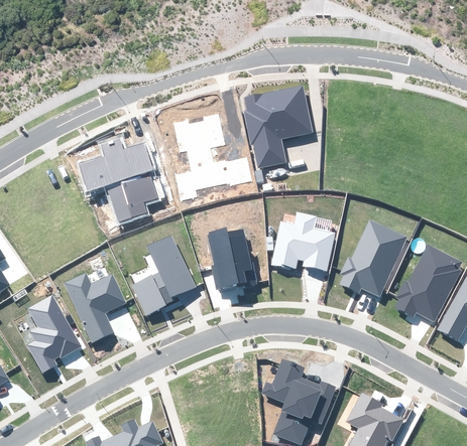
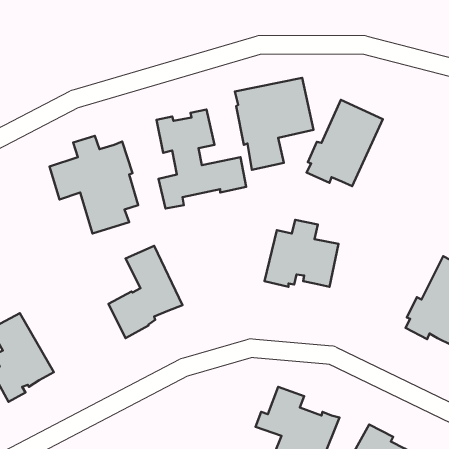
building: [339,219,406,296] -> [307,100,383,186]
building: [208,228,257,291] -> none
building: [64,272,126,342] -> none

